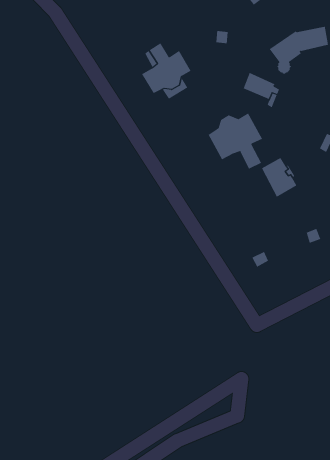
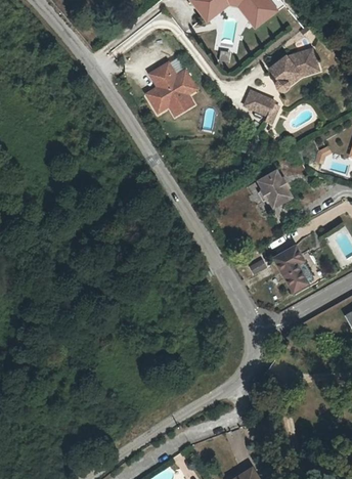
building: [208,113,263,170] -> none
building: none -> [275,246,308,291]

